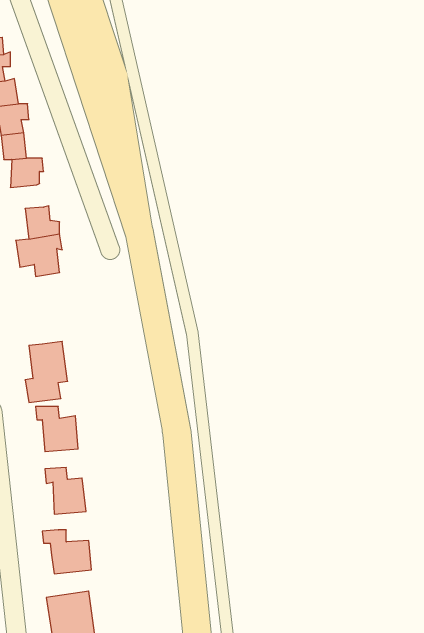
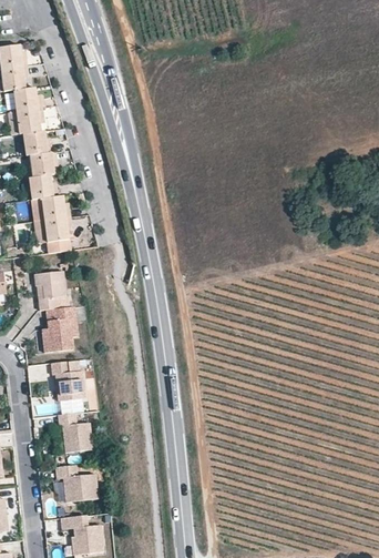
building: none -> [30,176,58,199]
building: none -> [34,272,65,312]

